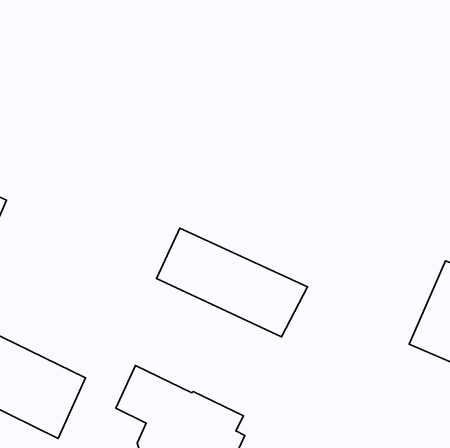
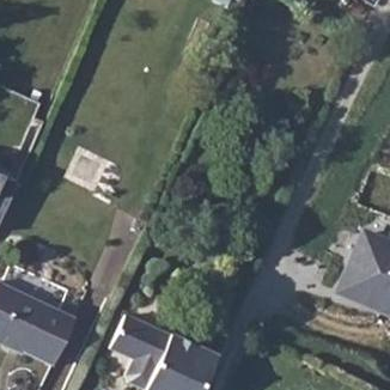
building: [156,228,308,337] -> none

